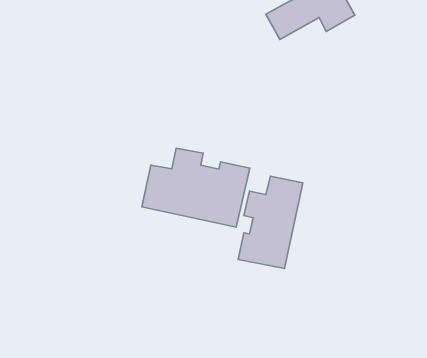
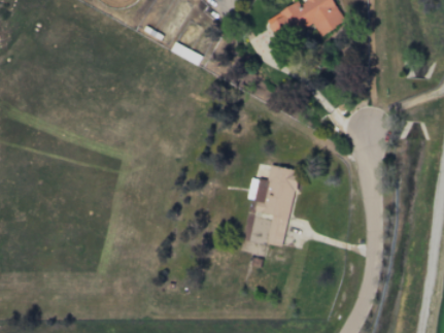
building: [142,148,250,227] -> none

